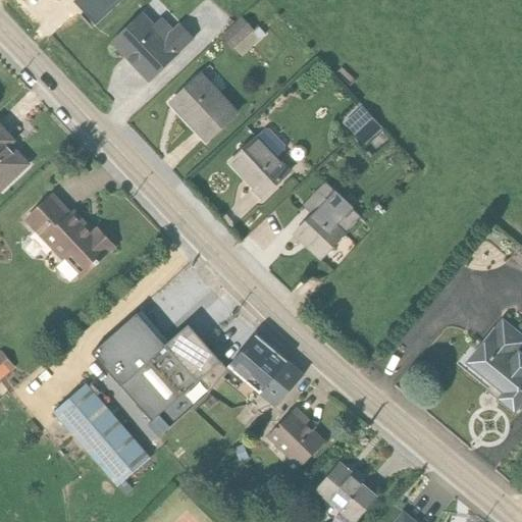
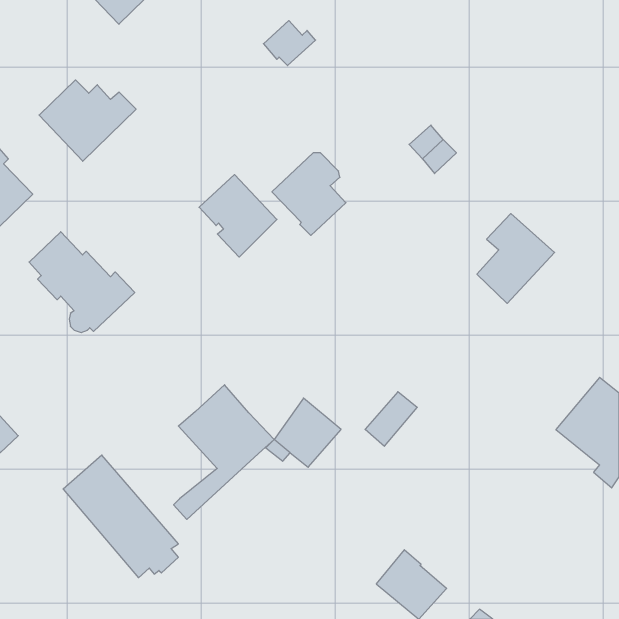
building: [112,12,194,81] -> [39,80,136,161]
building: [172,72,238,142] -> [199,175,277,257]
building: [295,182,360,258] -> [477,214,555,303]
building: [92,314,182,419] -> none
building: [259,361,303,407] -> [365,392,417,446]
building: [266,407,324,467] -> none

